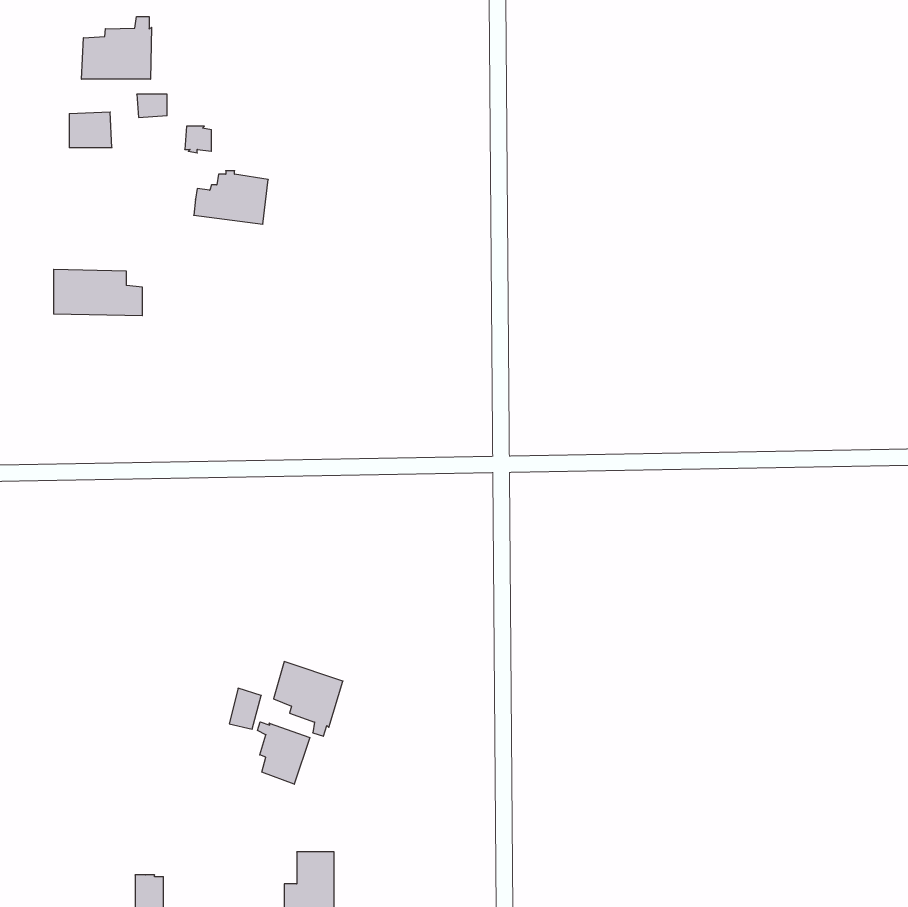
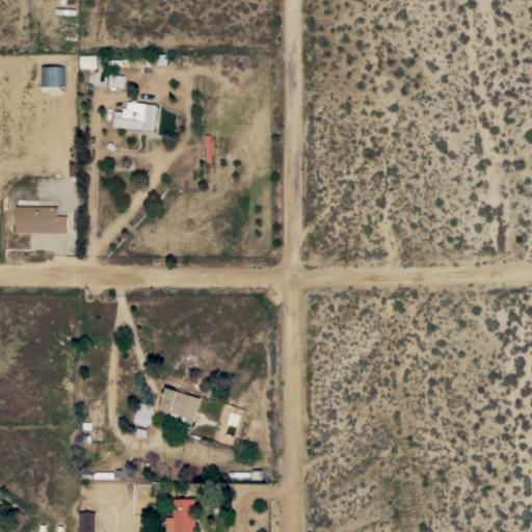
building: [82,17,152,79] -> none
building: [54,269,142,316] -> [16,207,68,234]
building: [257,722,310,784] -> none

